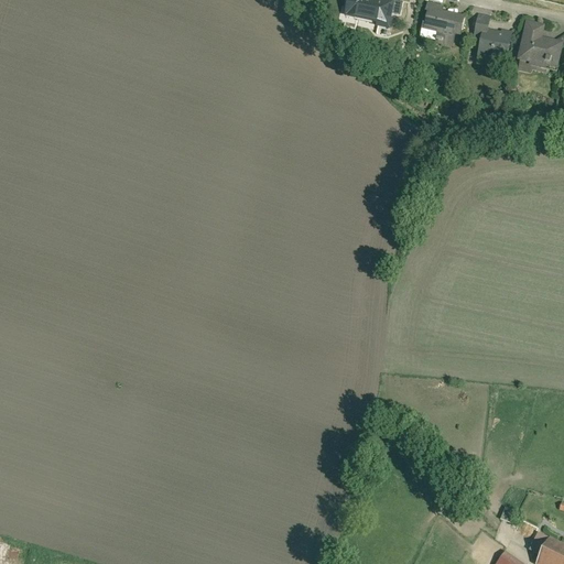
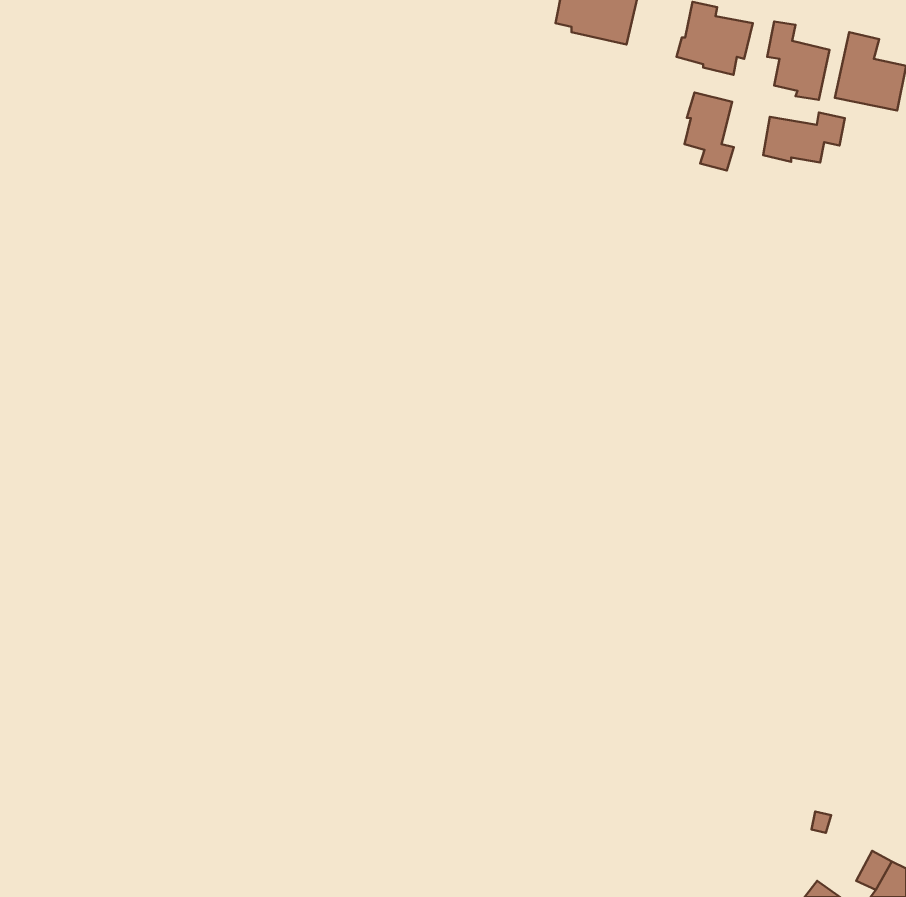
building: none -> [684,92,734,171]
building: none -> [763,112,845,163]

